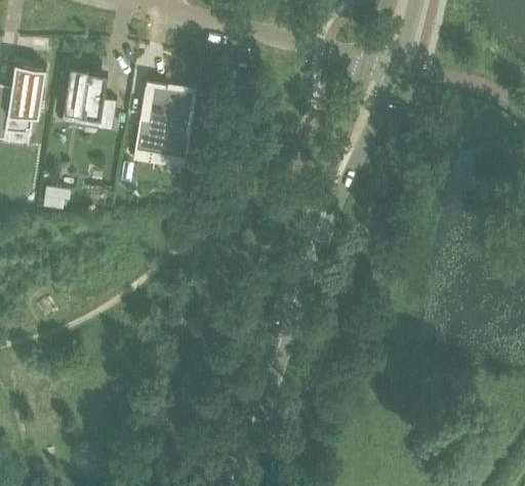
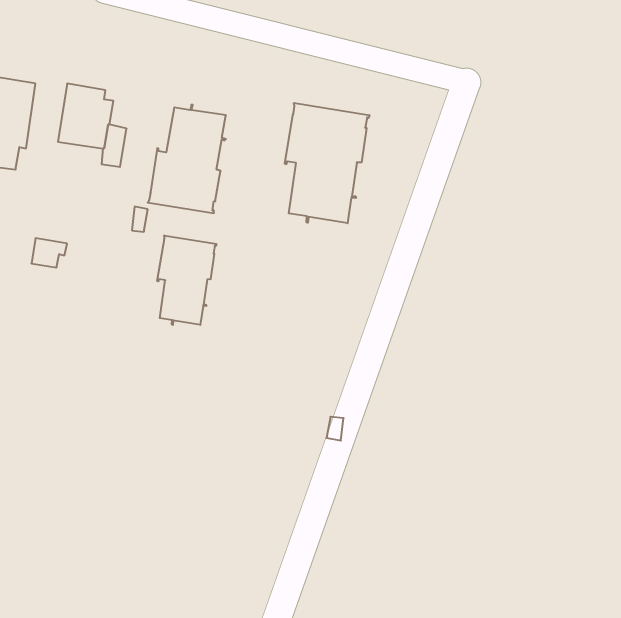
building: none -> [285,103,369,223]
building: none -> [157,235,216,325]

